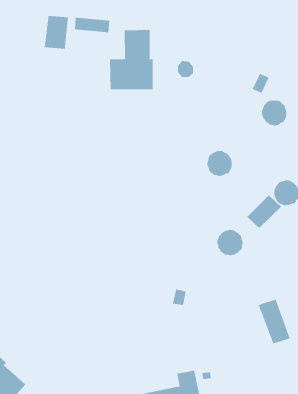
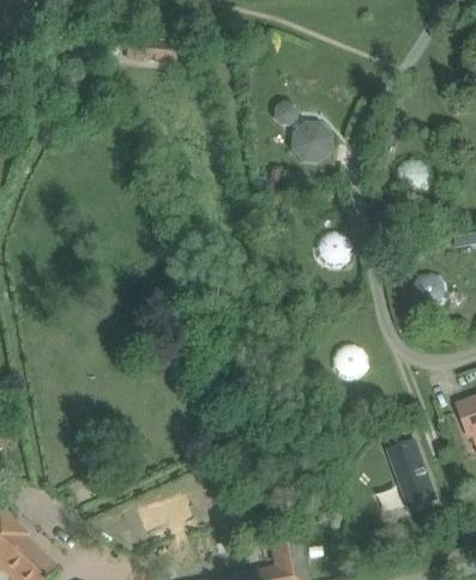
building: [44,15,68,49] -> none
building: [110,29,153,90] -> none
building: none -> [291,121,333,163]
building: [247,194,282,229] -> none

